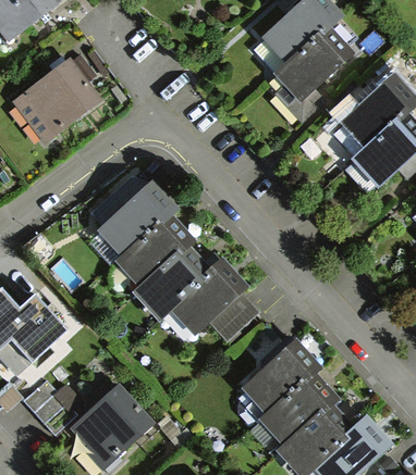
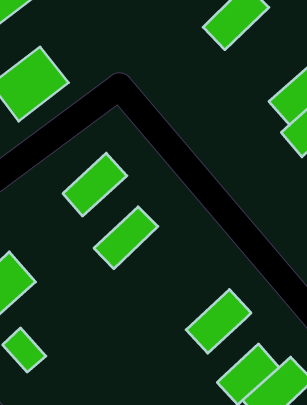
building: [273,24,350,118] -> none
building: [115,211,189,283] -> none
building: [169,257,253,336] -> none
building: [257,372,330,442] -> none
building: [77,391,152,465] -> none

